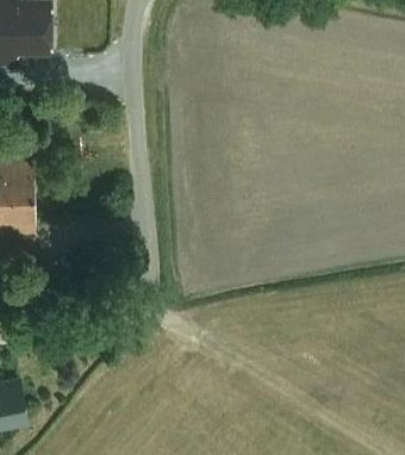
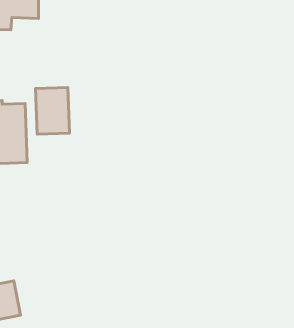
building: none -> [36,87,69,134]

